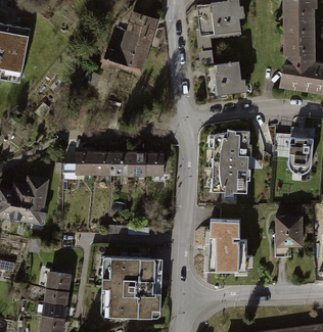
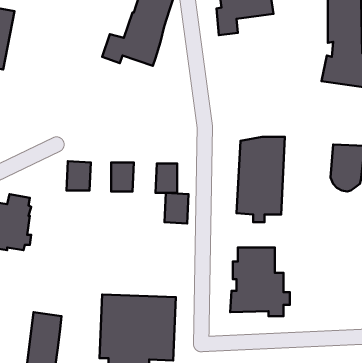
building: [198,48,246,94] -> none
building: [92,150,109,174] -> none
building: [127,150,146,175] -> [164,193,189,223]
building: [275,215,303,255] -> none

